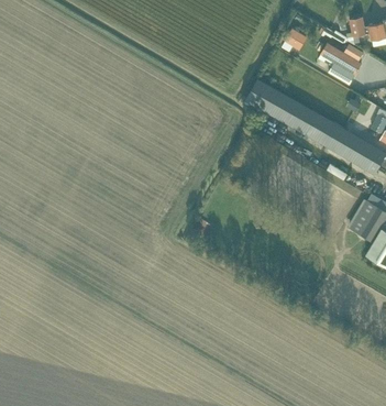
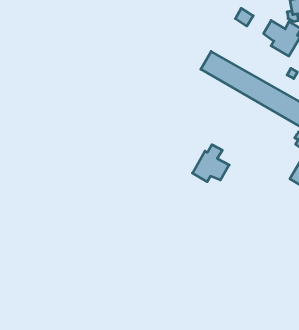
building: none -> [192,145,229,182]

